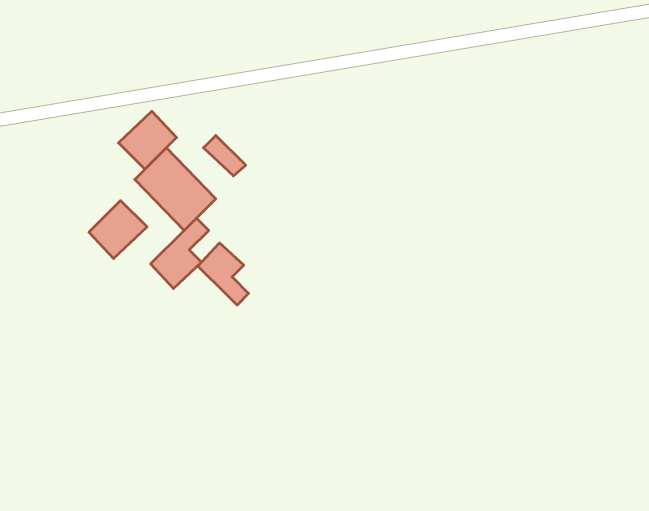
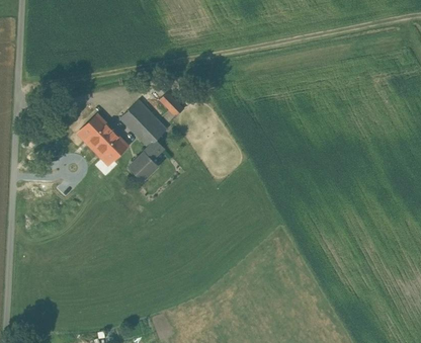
building: [118,111,177,169] -> [79,115,112,149]
building: [198,243,249,305] -> none

